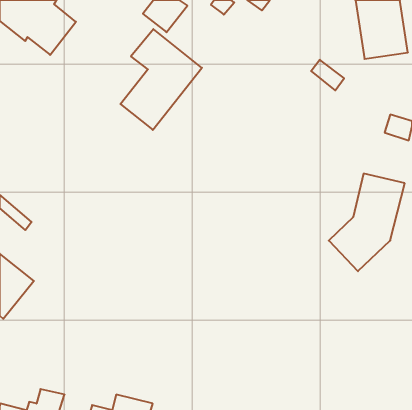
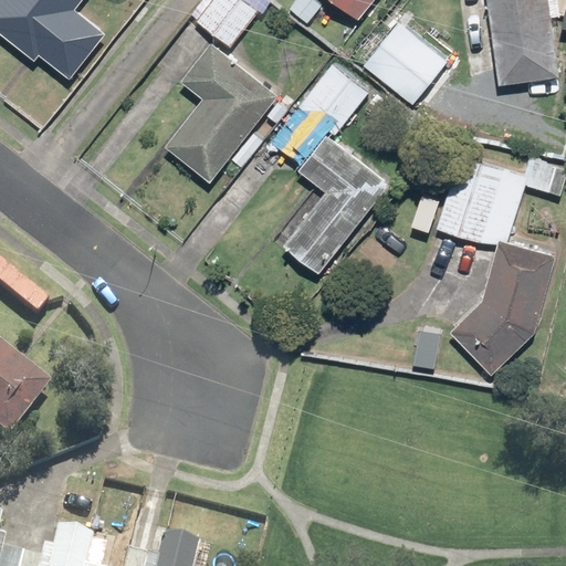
building: none -> [363,22,446,104]
building: none -> [298,64,367,134]
building: none -> [282,136,388,273]
building: none -> [439,157,526,241]

